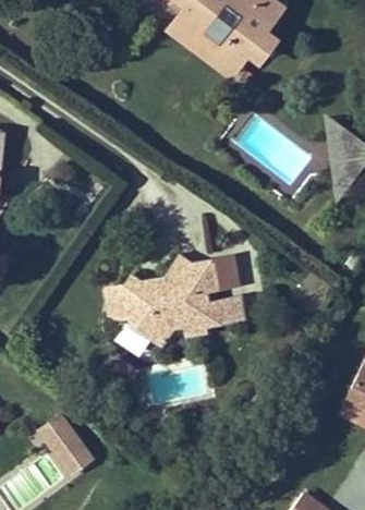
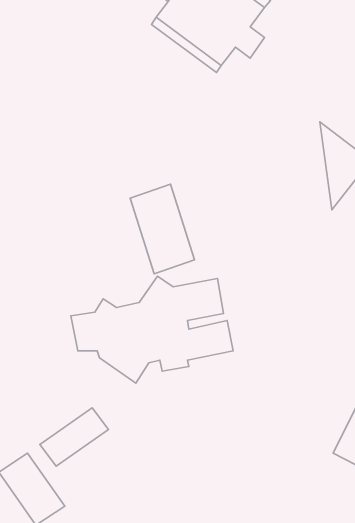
building: none -> [130,184,195,274]
building: none -> [40,408,108,466]

